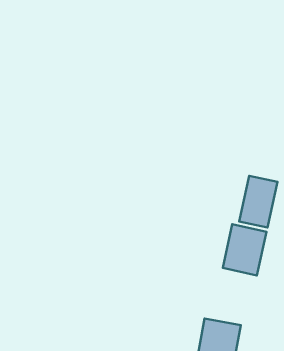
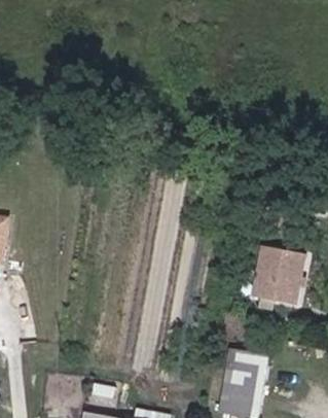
building: [239,176,277,228] -> none

